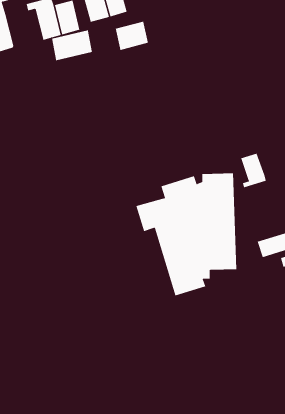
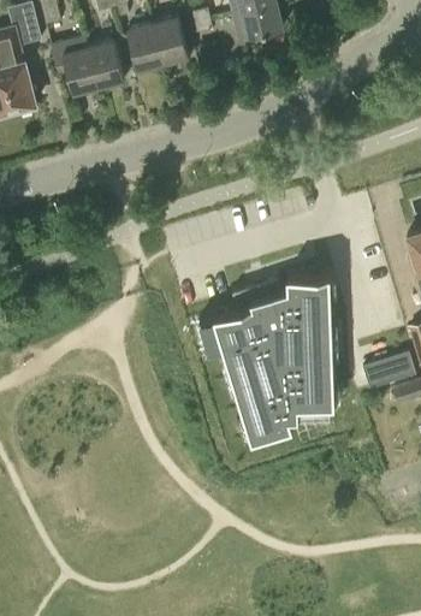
building: [115,21,148,51] -> none
building: [51,29,92,61] -> none
building: [240,153,266,188] -> none

